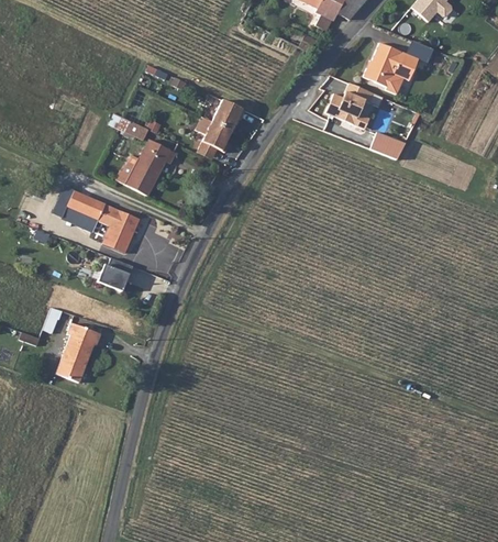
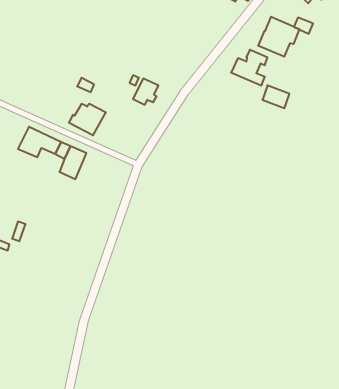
building: [213,100,247,131] -> none
building: [143,140,177,166] -> none
building: [96,258,131,290] -> none
building: [56,322,100,381] -> none

